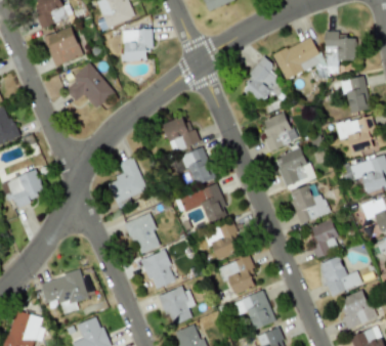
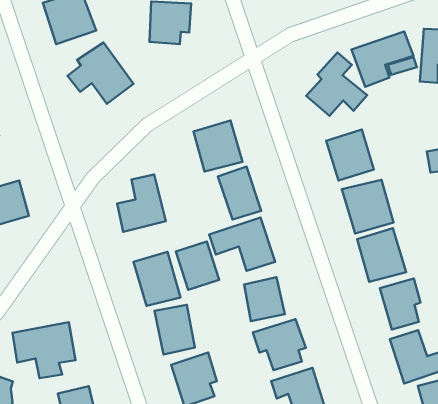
building: none -> [176,242,219,290]

